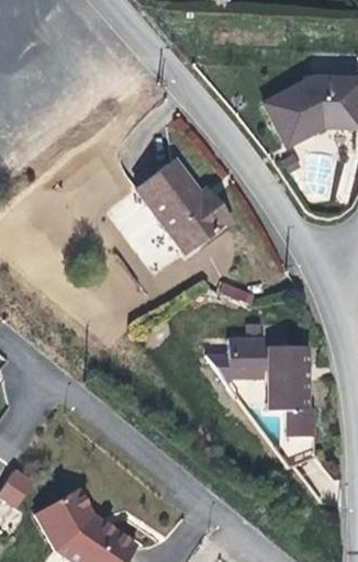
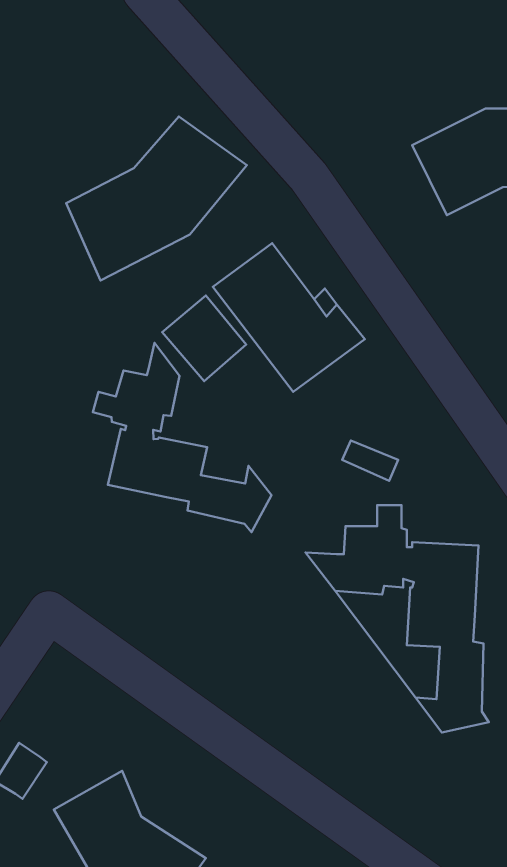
building: none -> [66,117,247,280]
building: none -> [93,343,271,532]

